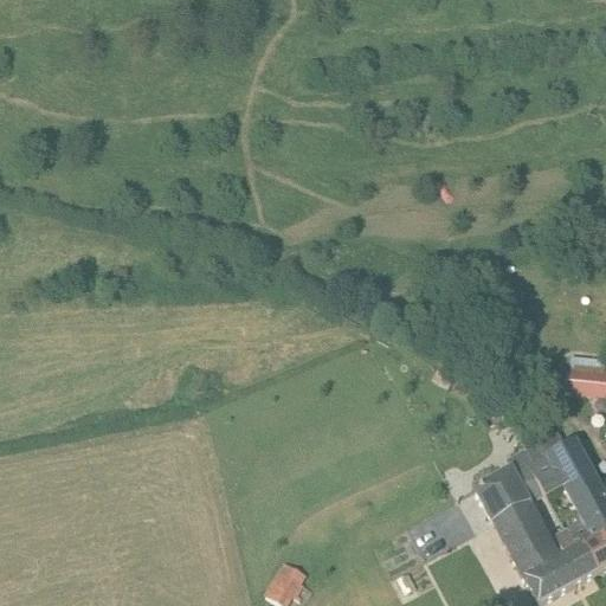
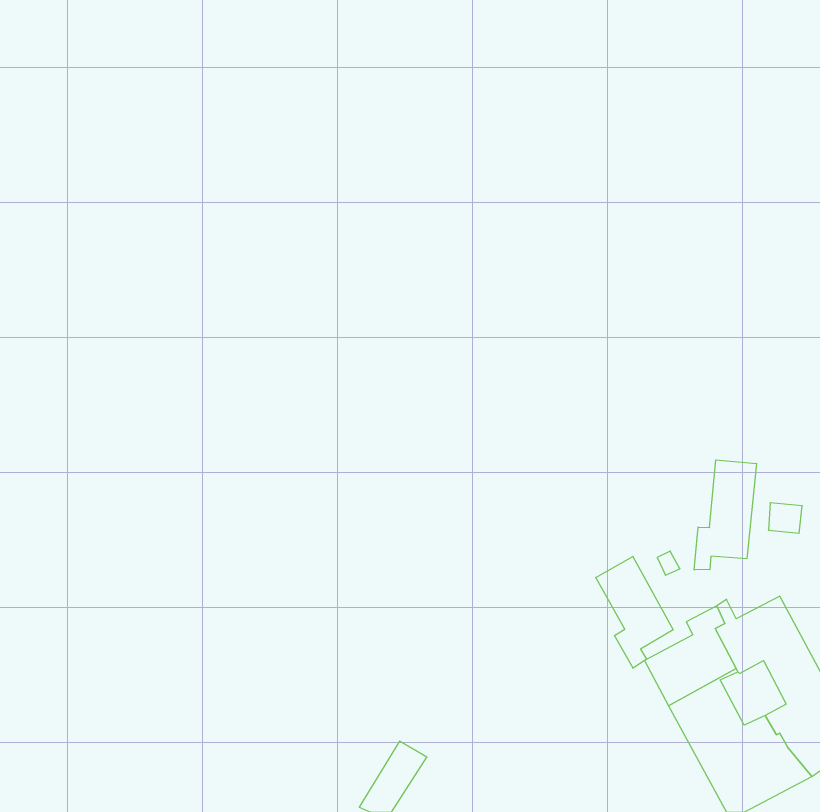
building: none -> [694,460,757,570]
building: none -> [596,556,673,668]

